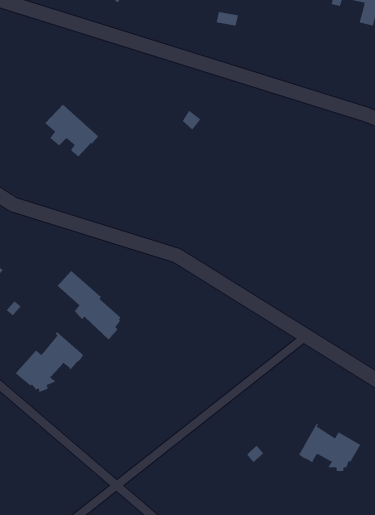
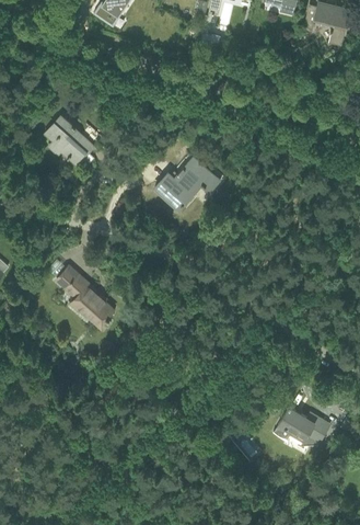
building: none -> [154,157,219,209]
building: [15,331,84,393] -> none

